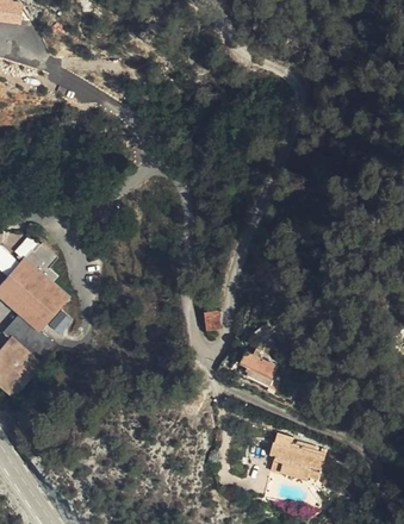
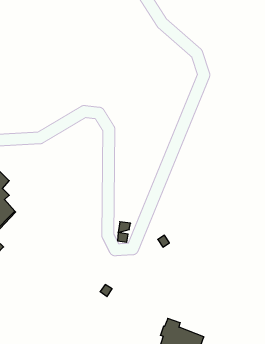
building: [238,349,281,388] -> none

